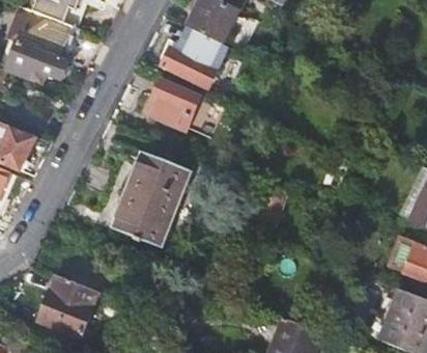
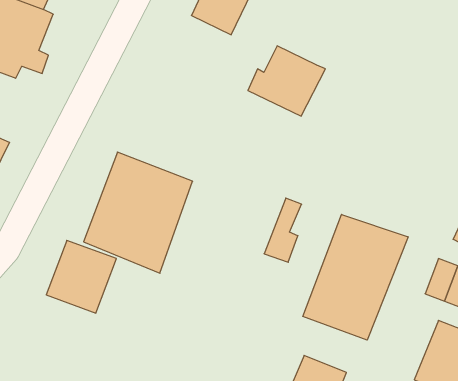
building: [164,28,230,88] -> [248,46,325,116]
building: [148,78,203,129] -> none
building: none -> [303,214,408,340]
building: [37,275,97,337] -> [46,240,116,313]

